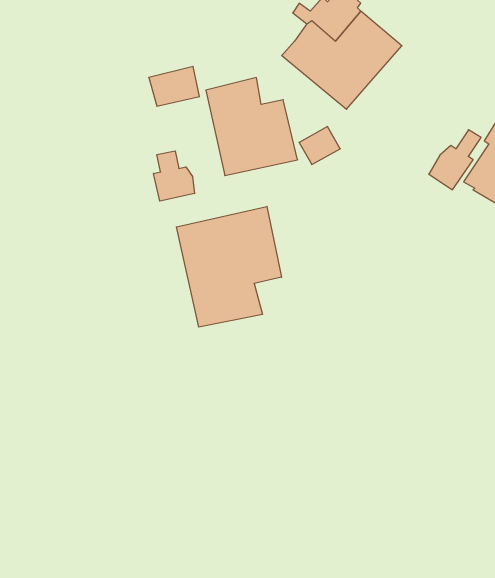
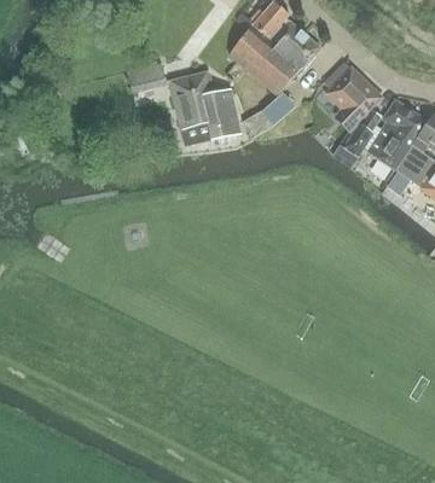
building: none -> [326,66,382,129]
building: [154,151,194,201] -> none
building: [176,206,282,327] -> none

